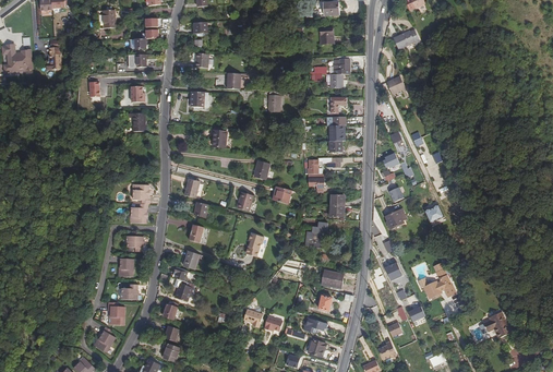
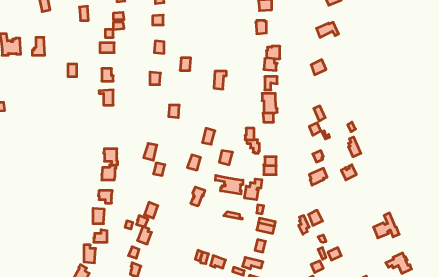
building: none -> [215,175,243,194]
building: [423,267,455,298] -> [373,213,399,238]

